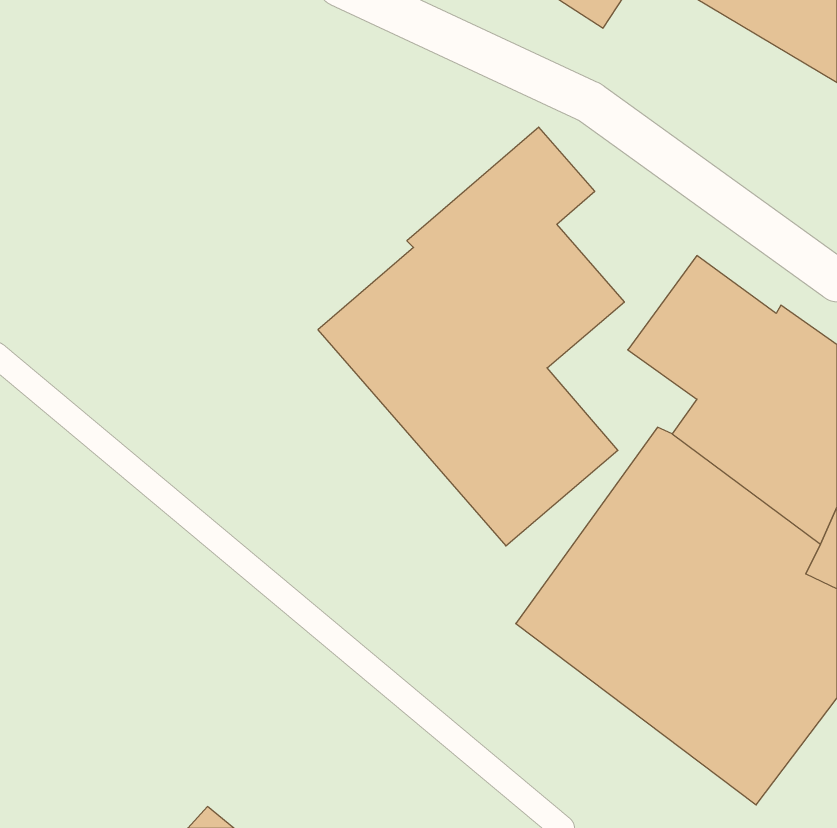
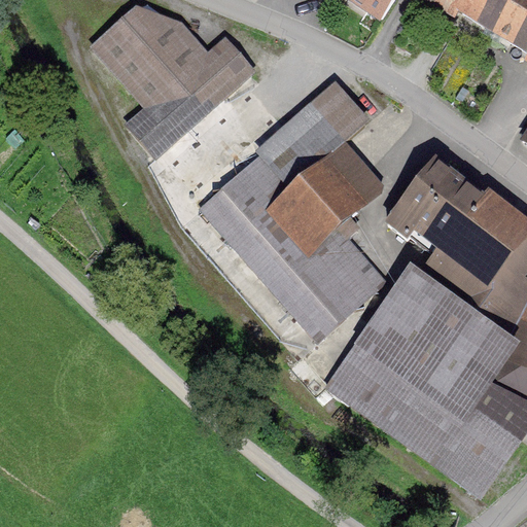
building: none -> [87,5,258,159]

